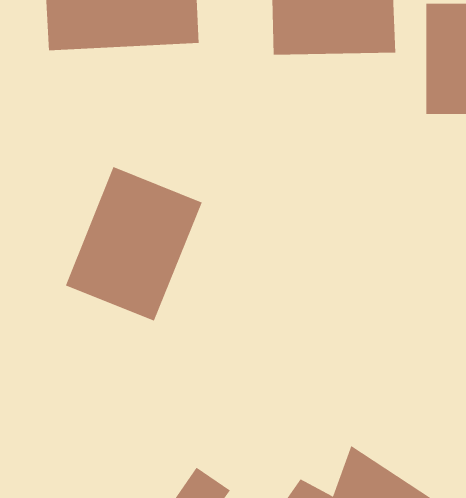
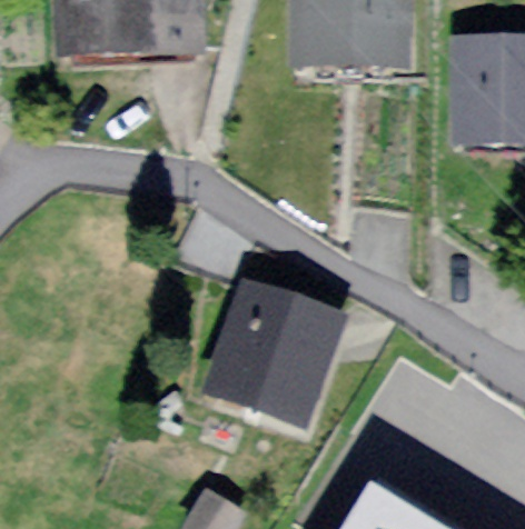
building: [65,166,202,322] -> none
building: none -> [205,285,349,438]

